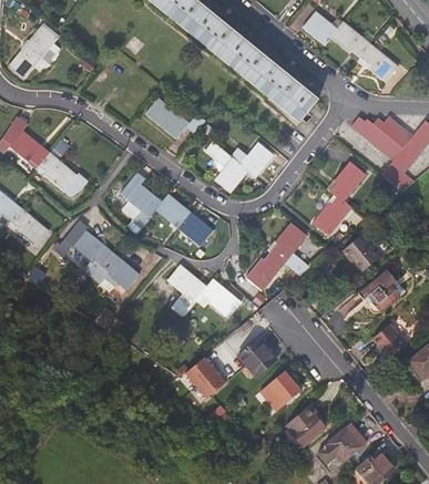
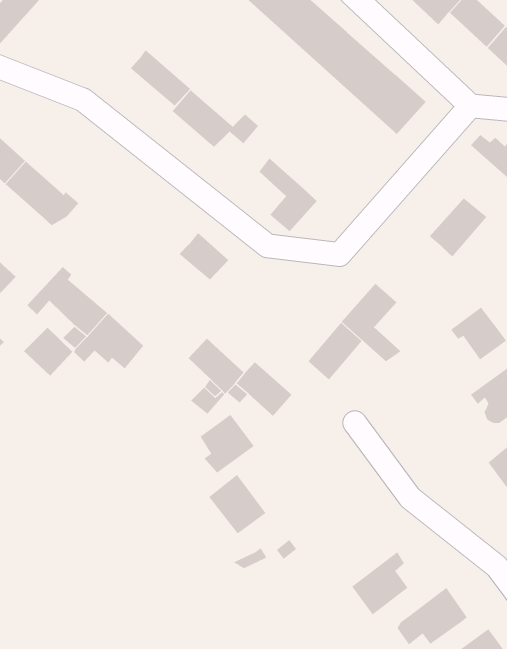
building: none -> [130,49,191,106]
building: [242,141,275,175] -> none
building: [120,172,163,217] -> none
building: [313,195,349,234] -> none
building: [178,212,212,244] -> none
building: none -> [23,327,73,376]
building: [239,338,277,379] -> [200,414,255,474]
building: [270,371,300,402] -> none

